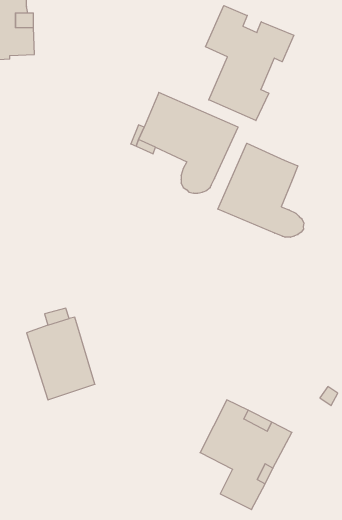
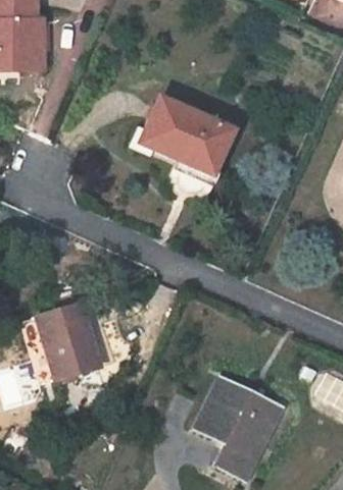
building: [206,6,294,121] -> none
building: [218,143,304,237] -> none

